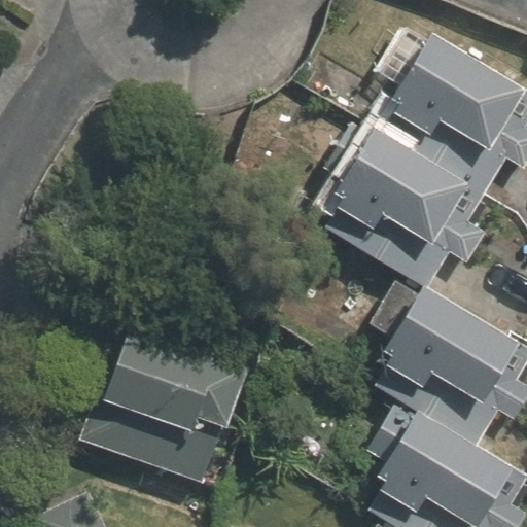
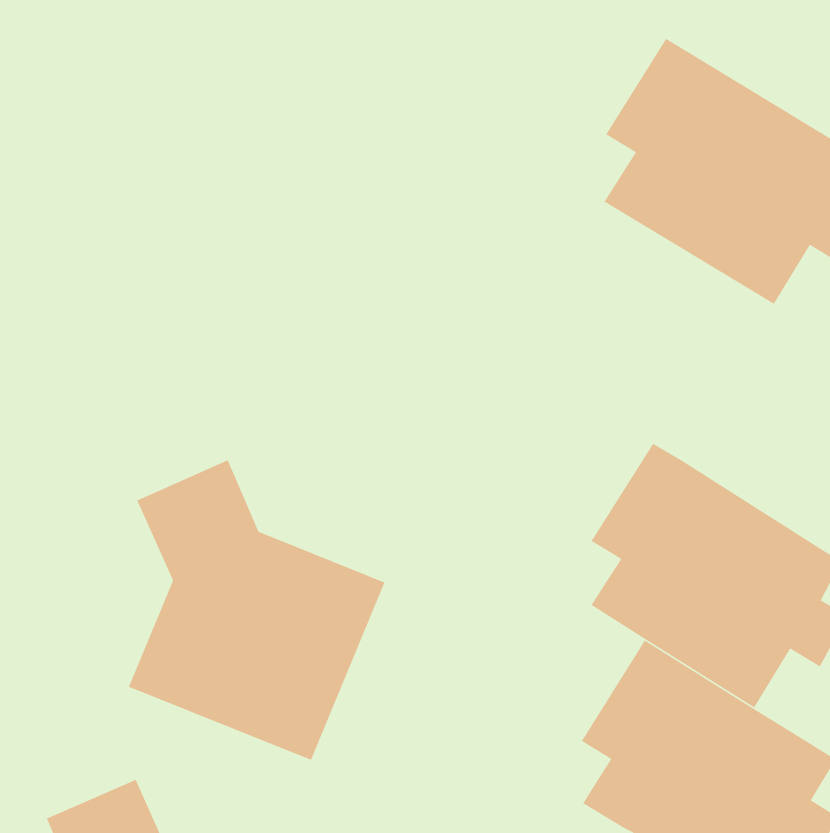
building: [327,120,491,291] -> none

